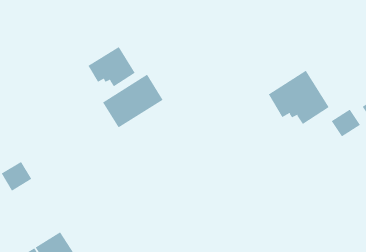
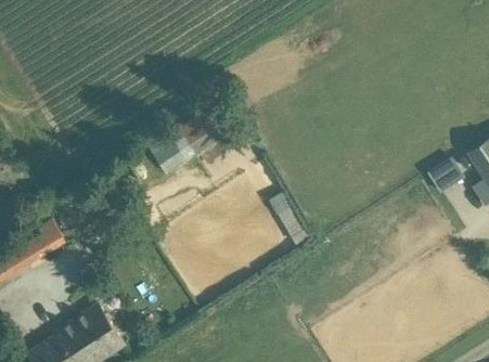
building: [88,46,136,87] -> none
building: [268,70,329,125] -> none

